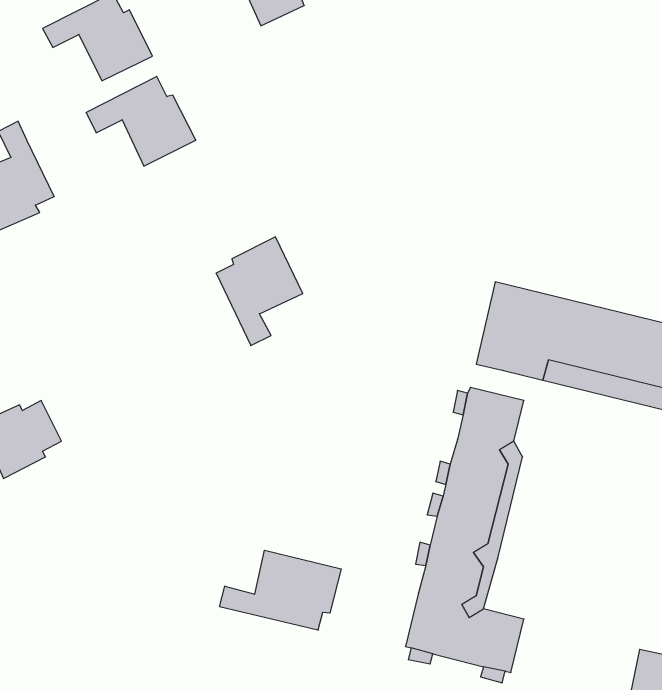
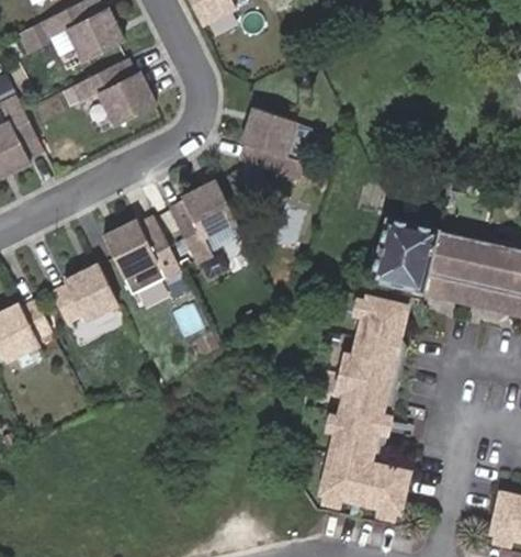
building: none -> [243,108,305,178]
building: none -> [104,218,180,294]
building: none -> [56,269,120,327]
building: [220,550,341,630] -> none

